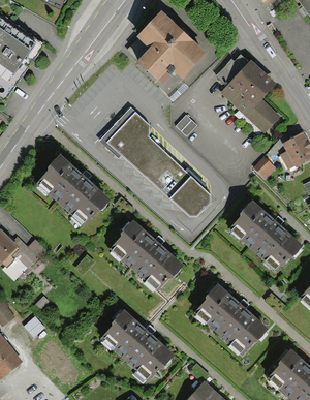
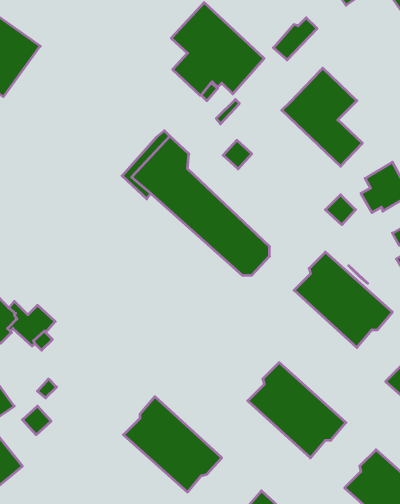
building: [216,54,249,86] -> [273,18,317,60]
building: [36,154,111,226] -> none
building: [110,219,184,291] -> none

